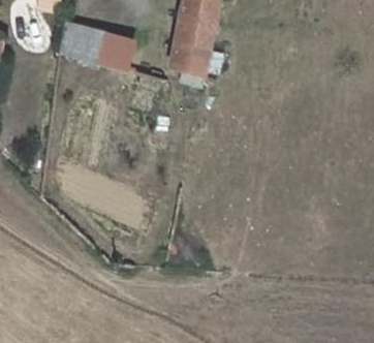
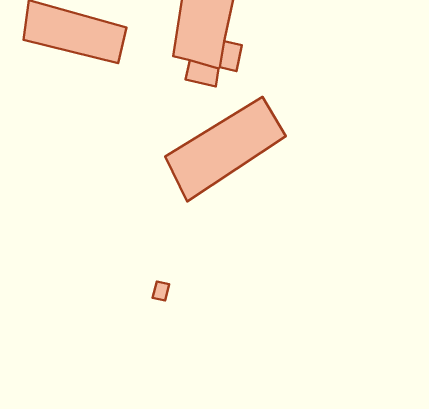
building: none -> [165,97,286,201]

